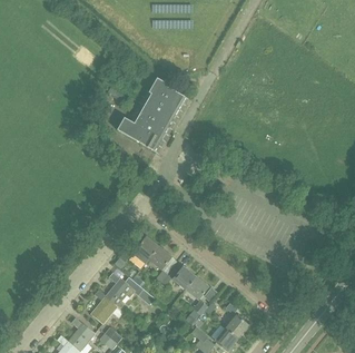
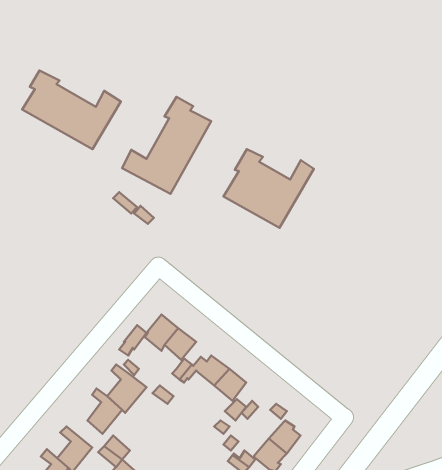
building: none -> [22,70,121,149]
building: none -> [224,149,314,228]

